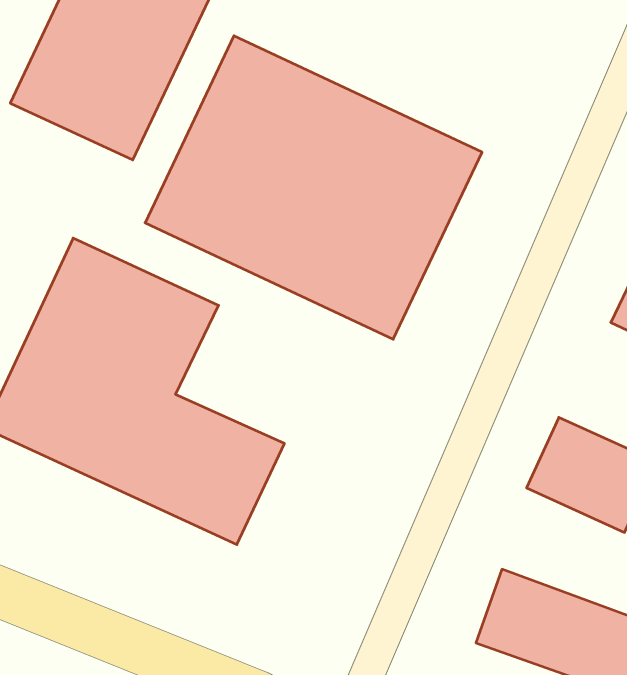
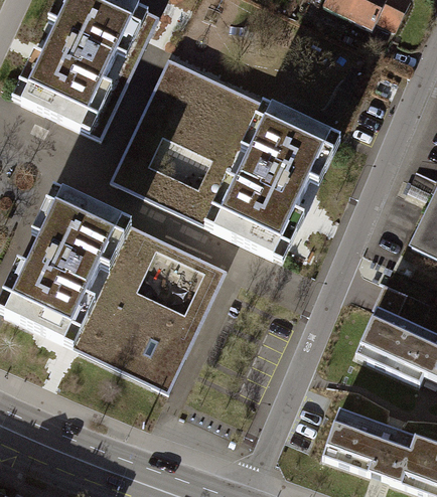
building: none -> [126,234,225,325]

